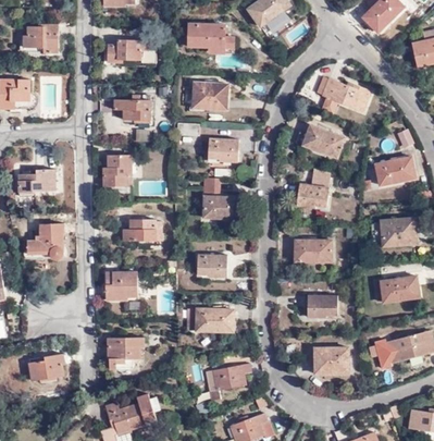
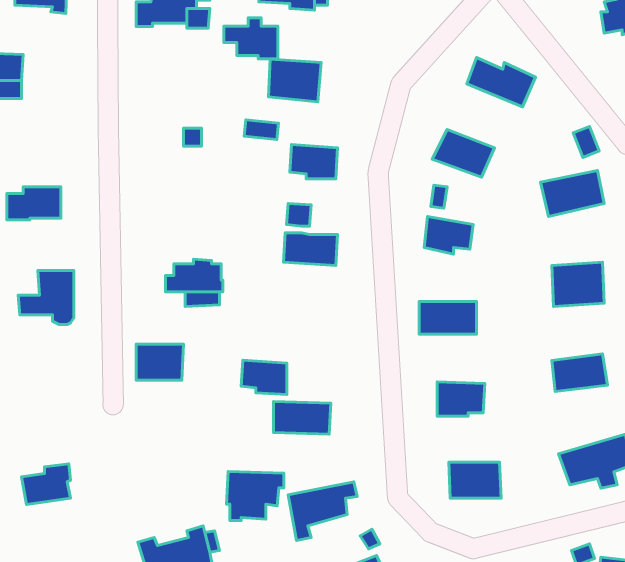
building: [115,93,151,120] -> [224,18,278,59]
building: [102,154,132,185] -> none
building: [195,255,225,278] -> [241,360,287,394]
building: [106,334,144,367] -> [227,472,284,521]

